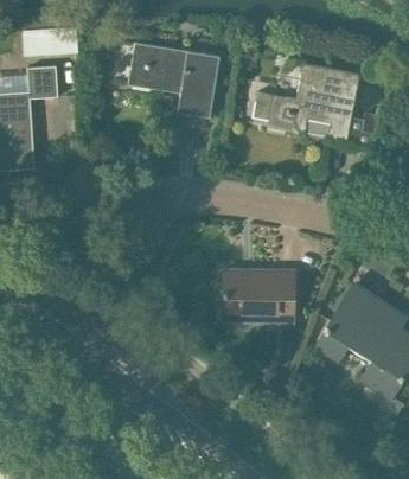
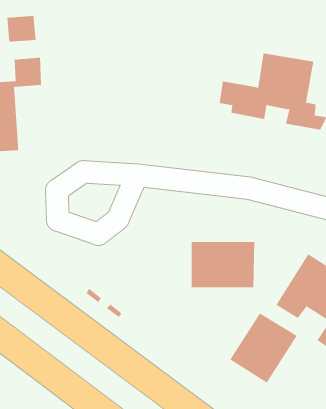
building: [127,44,218,117] -> none
building: none -> [230,312,298,384]

